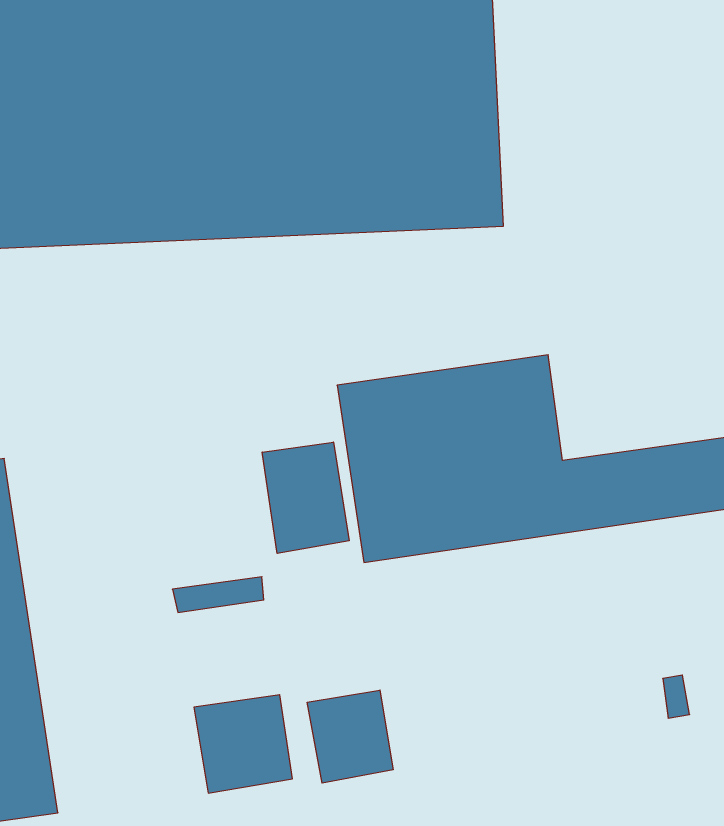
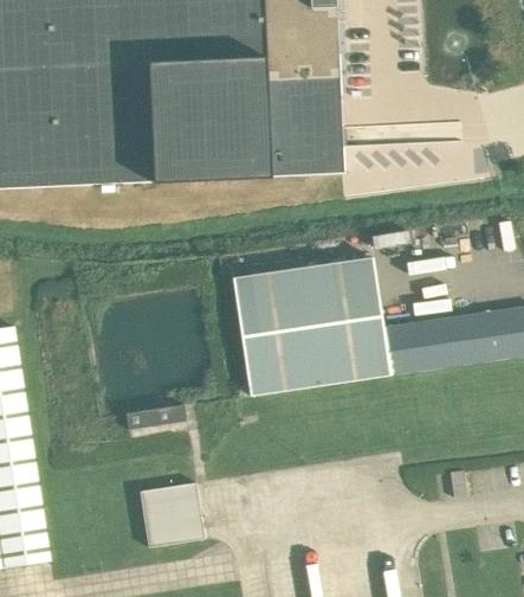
building: [262,442,349,553] -> none
building: [307,690,393,783] -> none

